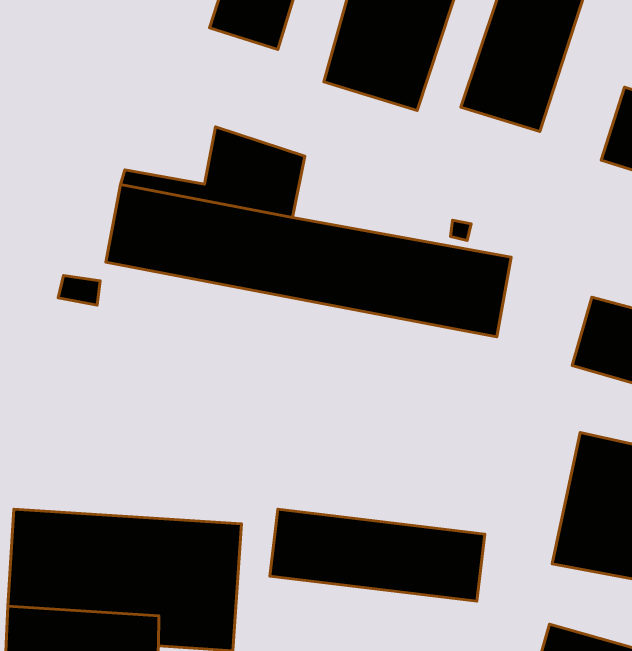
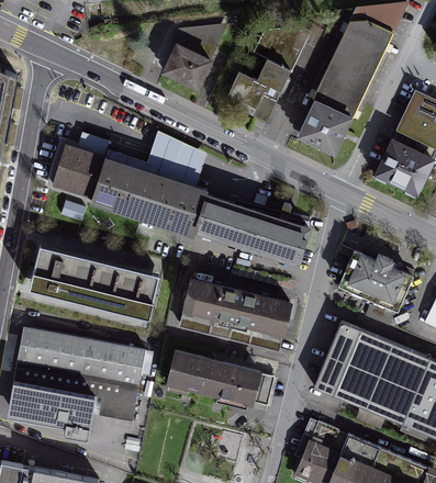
building: none -> [38,137,94,195]
building: none -> [25,247,160,319]
building: none -> [168,277,290,351]

